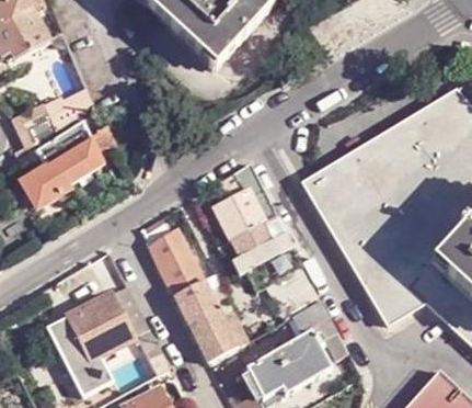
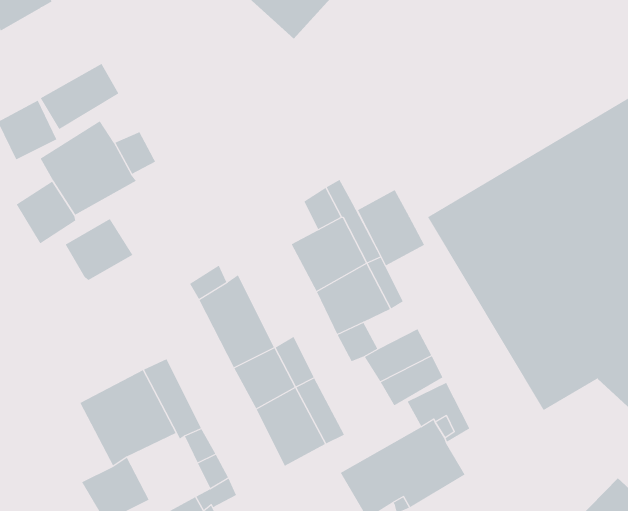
building: none -> [357,189,425,266]
building: none -> [65,218,133,281]
building: [46,316,90,371] -> none

